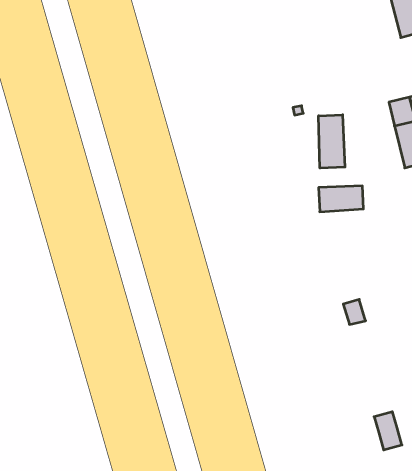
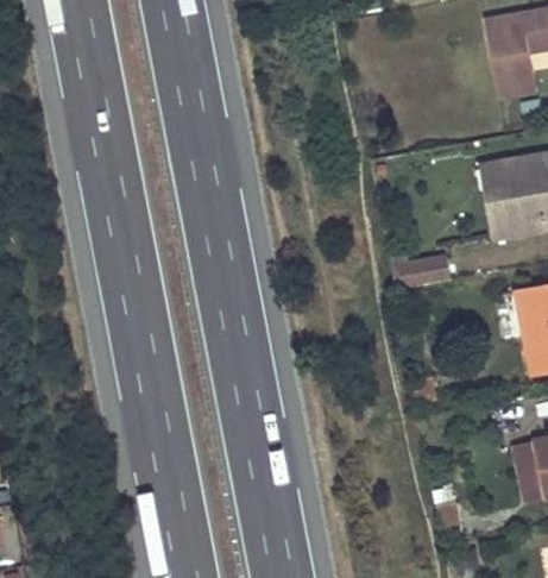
building: [319,115,345,168] -> none

